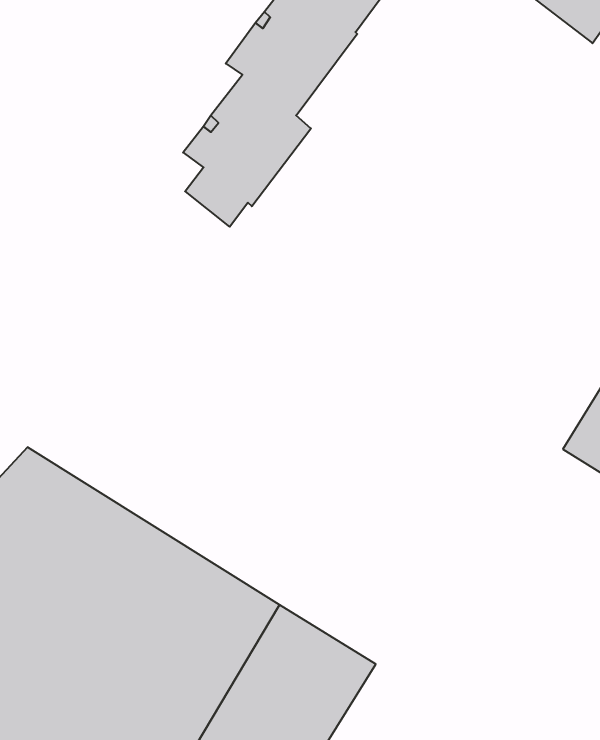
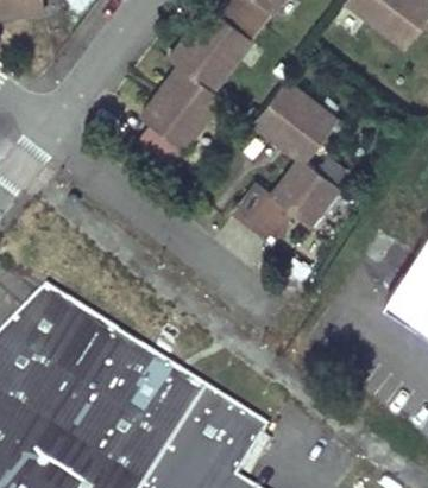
building: none -> [241,70,348,230]

